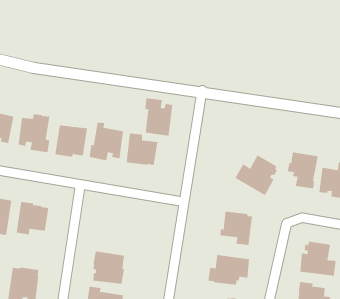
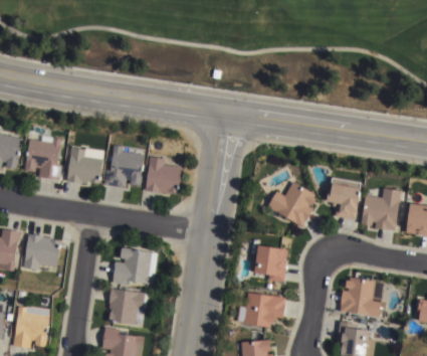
building: [145,98,173,136] -> none
building: none -> [113,246,157,285]

